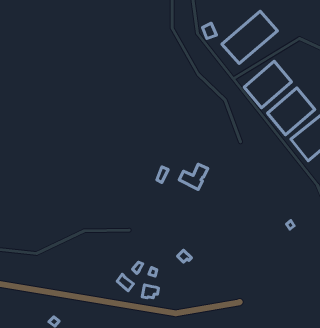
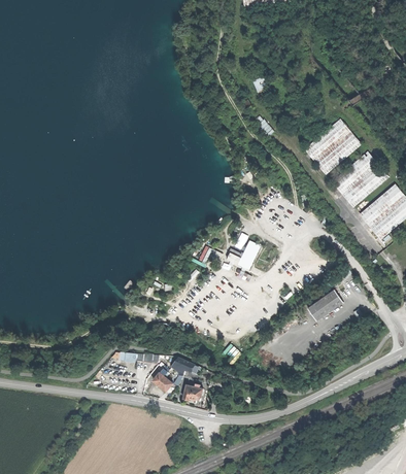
building: [222,11,277,64] -> none
building: none -> [308,290,343,321]

